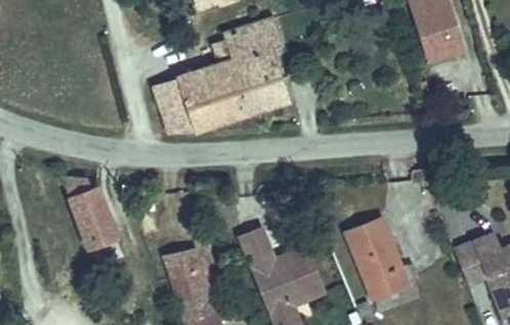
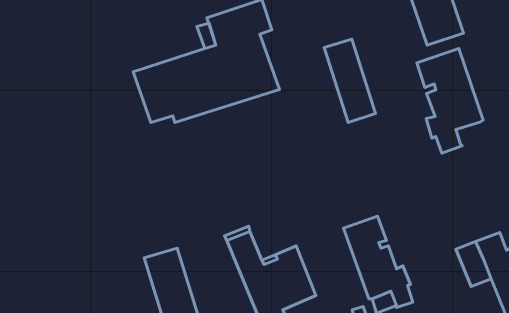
building: none -> [324,39,376,122]
building: none -> [417,49,483,153]
building: [61,177,117,249] -> none

